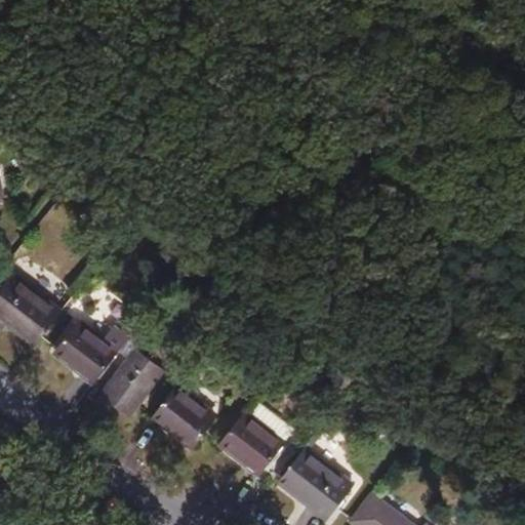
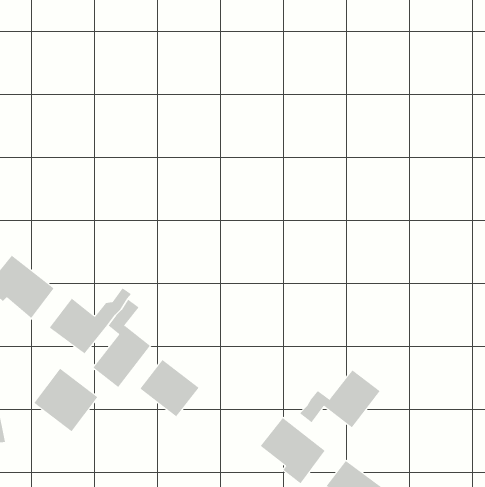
building: none -> [33,368,98,432]
building: none -> [299,369,381,428]
building: [217,413,283,475] -> none

